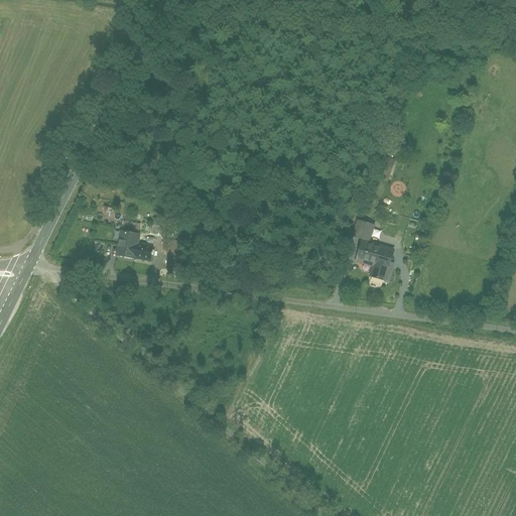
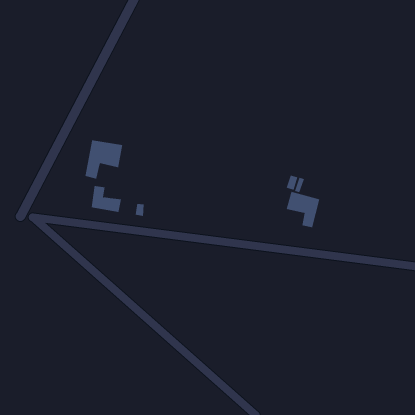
building: none -> [85,140,123,179]

